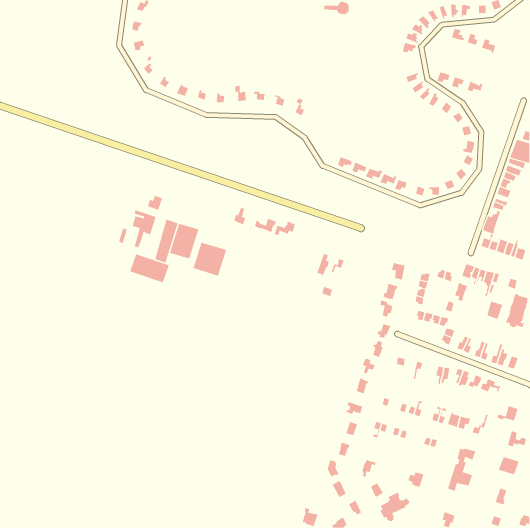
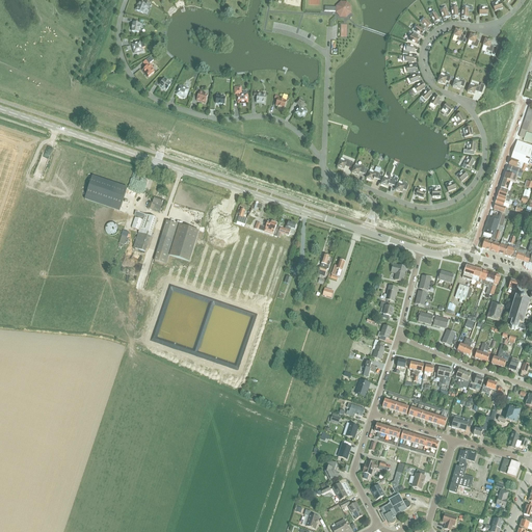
building: none -> [85,175,127,209]
building: [193,242,227,276] -> none
building: [129,253,169,283] -> none

